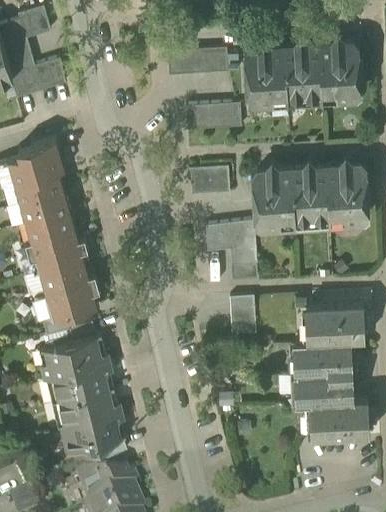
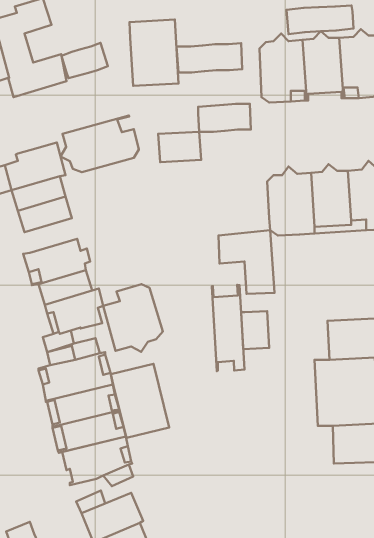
building: none -> [286,5,354,34]
building: none -> [130,20,179,86]
building: none -> [61,43,108,78]
building: none -> [60,115,139,172]
building: [190,166,230,194] -> [158,132,201,162]
building: [26,209,75,241] -> none
building: none -> [103,284,163,352]
building: none -> [212,285,245,371]
building: none -> [111,364,169,438]

